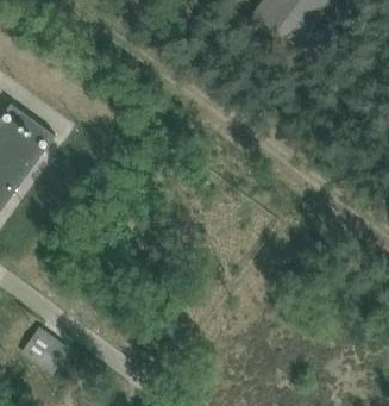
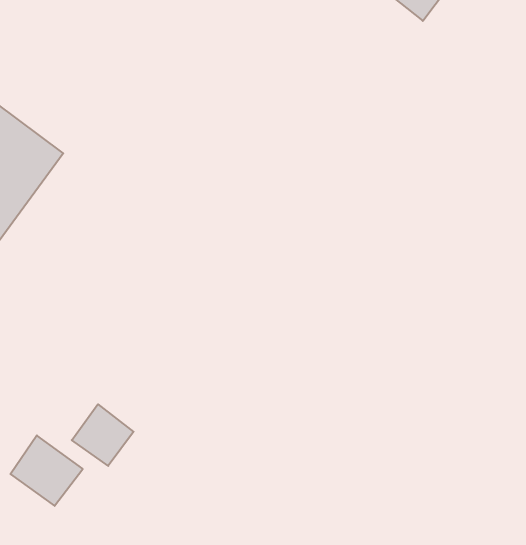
building: none -> [72,404,134,466]

